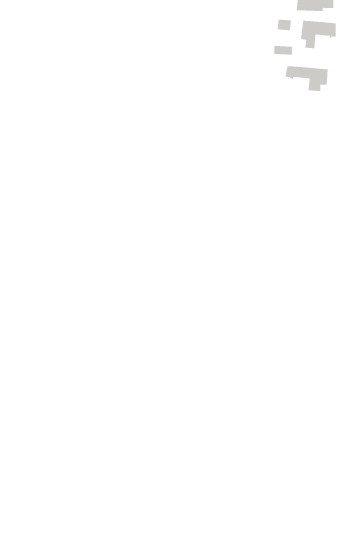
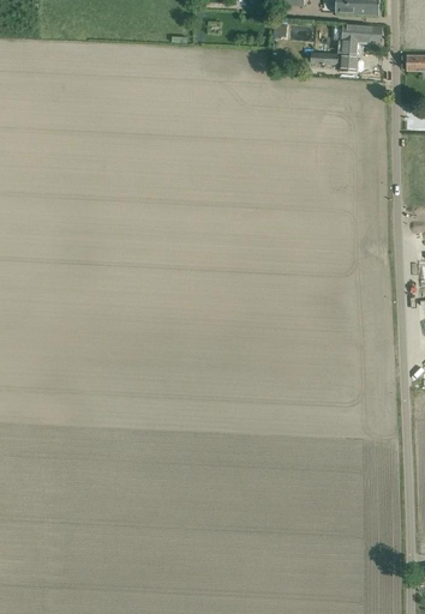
building: [285,65,328,92] -> none

